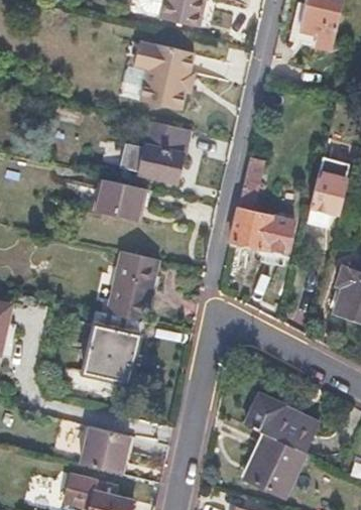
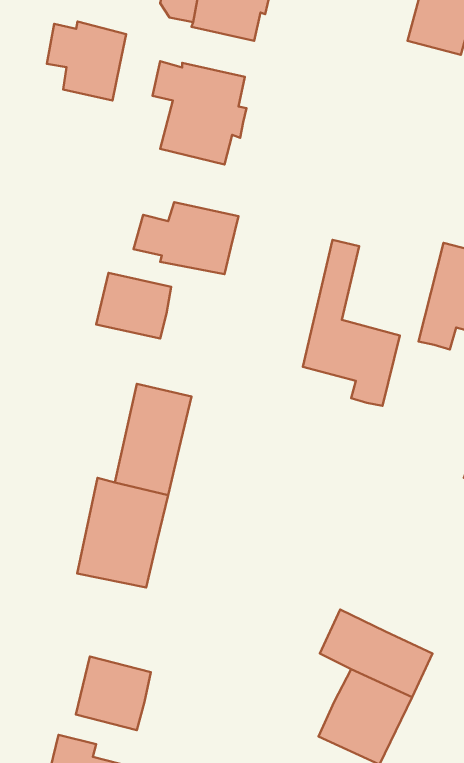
building: none -> [47,22,126,101]

